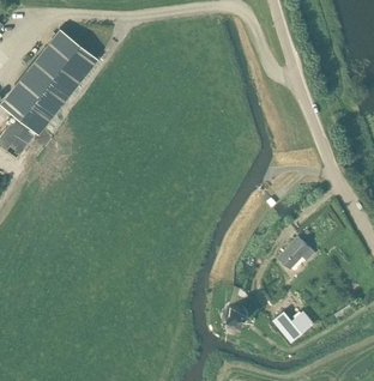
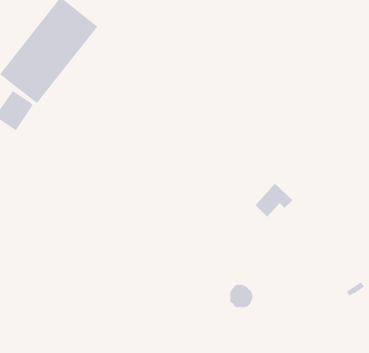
building: [279,236,316,270] -> [255,183,293,218]
building: [273,312,314,343] -> none

